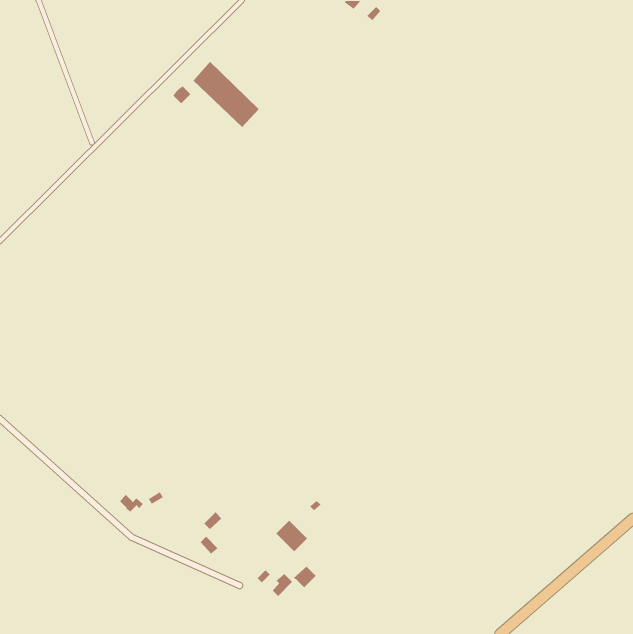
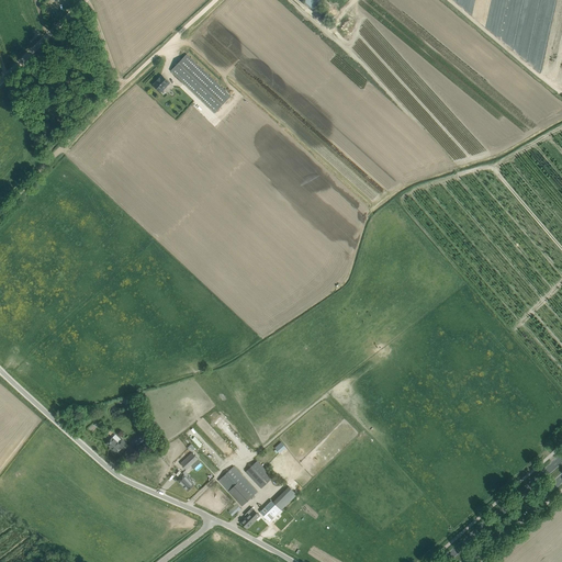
building: none -> [217,467,257,506]

